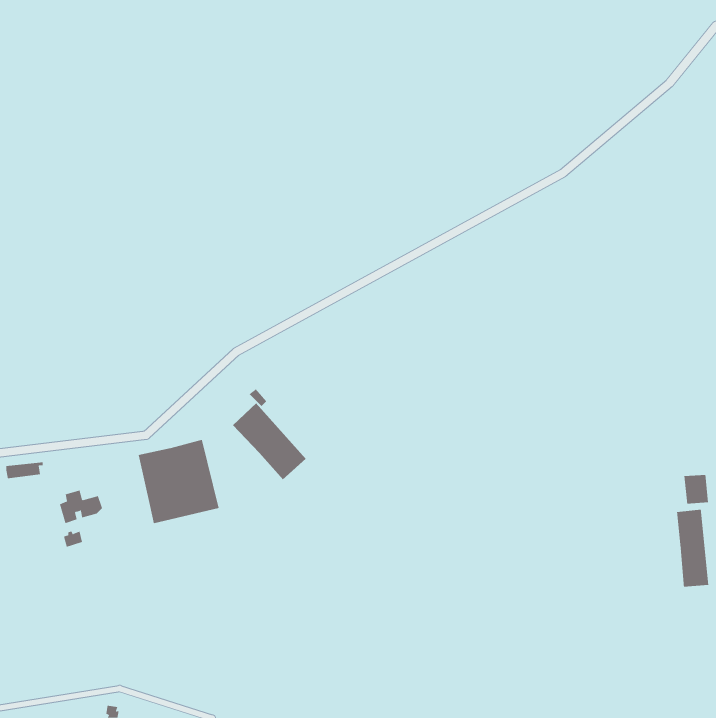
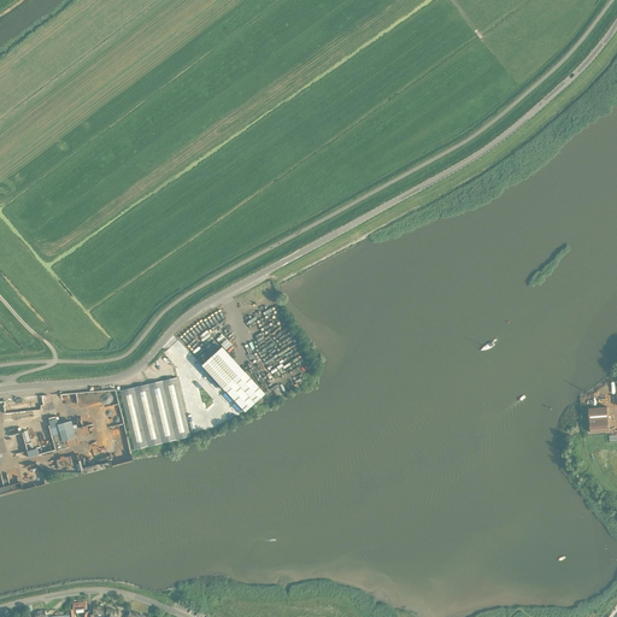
building: [677,509,709,587] -> none

